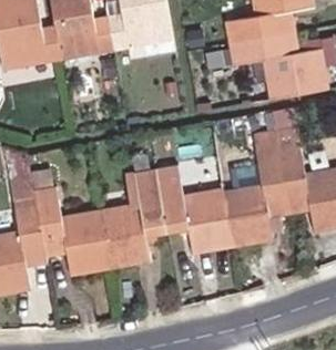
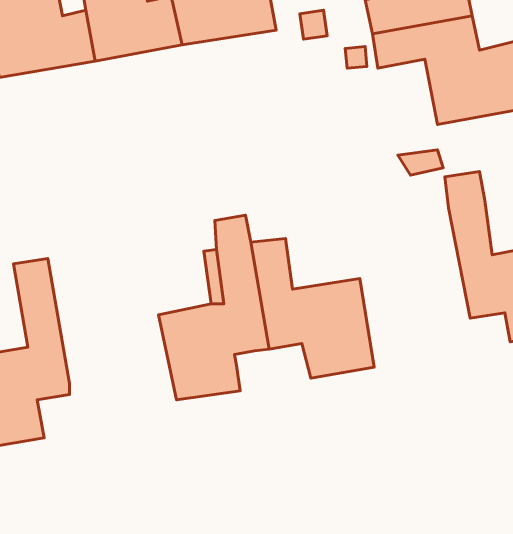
building: [223,130,291,246] -> none
building: [32,175,111,275] -> none

